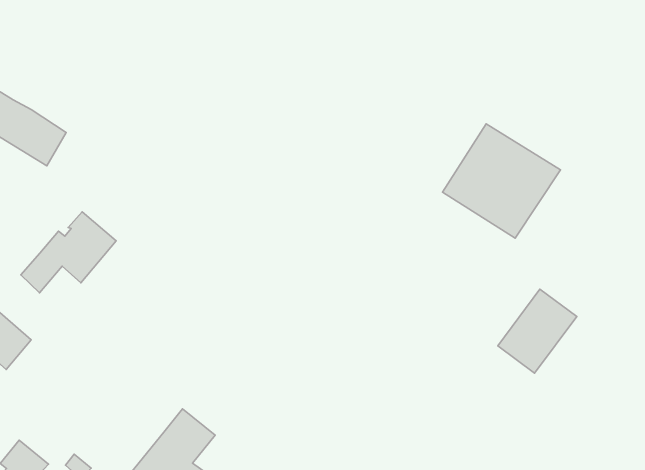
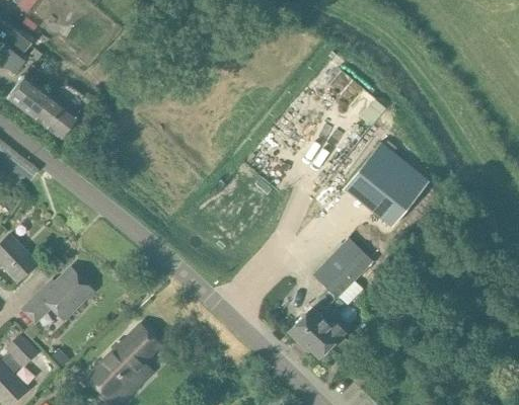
building: [21,212,116,293] -> [22,267,93,322]
building: [498,289,577,373] -> [314,236,373,296]
building: none -> [289,307,345,357]

